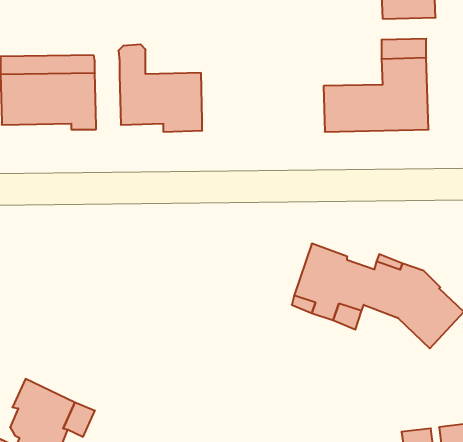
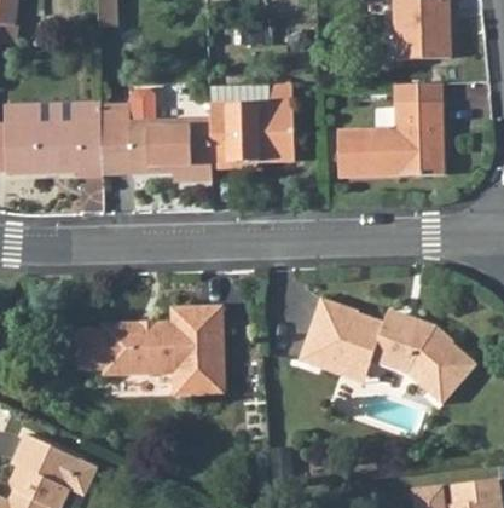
building: none -> [207,83,291,168]
building: none -> [99,108,126,174]
building: none -> [82,305,226,393]

